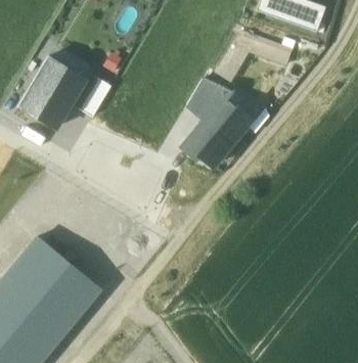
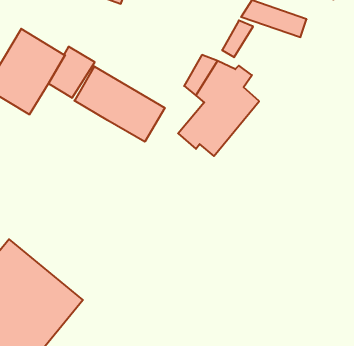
building: none -> [74,66,165,142]

